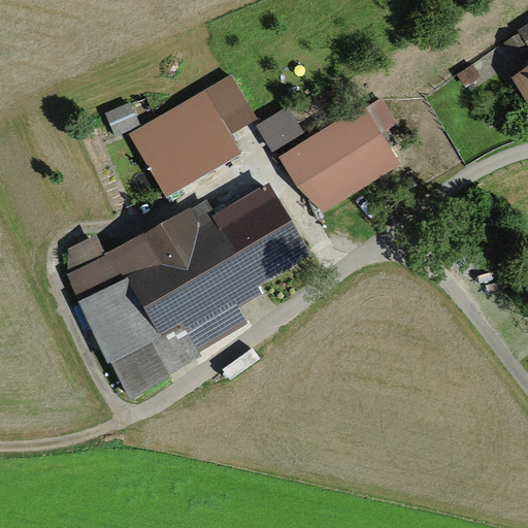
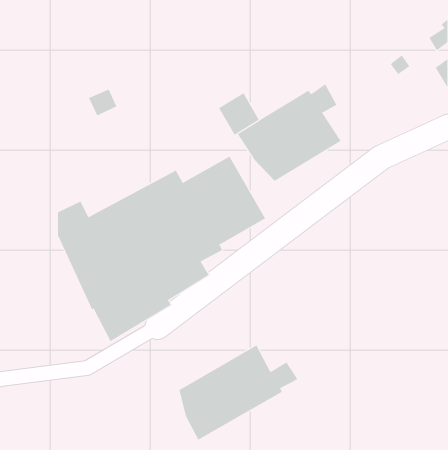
building: [128,74,257,197] -> none
building: none -> [179,344,298,441]

